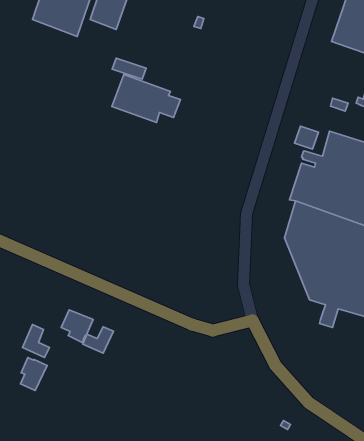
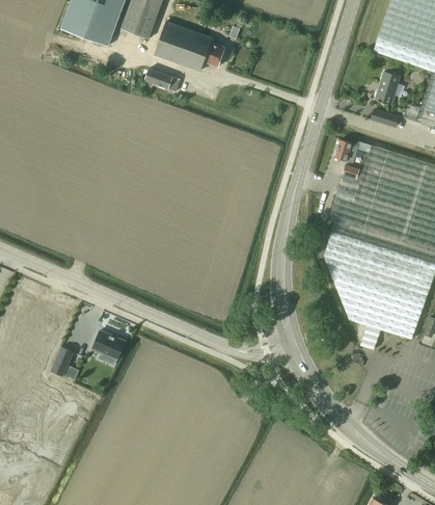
building: none -> [376,71,400,104]
building: [112,75,181,123] -> [154,21,225,71]
building: [83,327,113,353] -> none
building: [20,357,47,391] -> none

